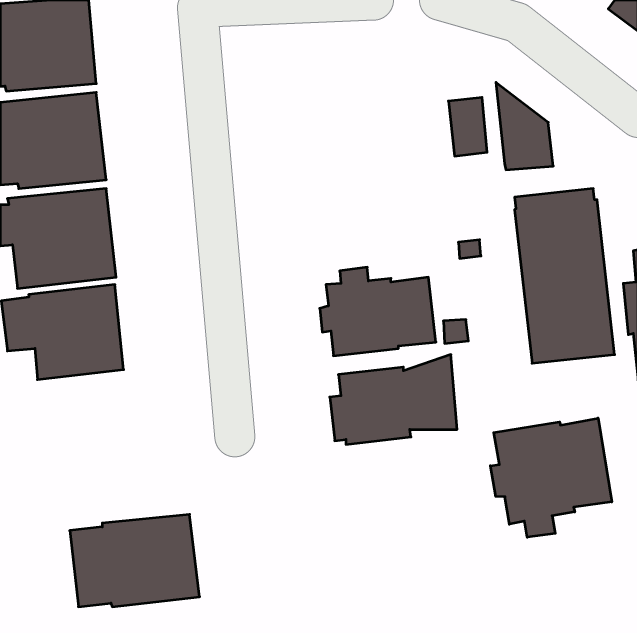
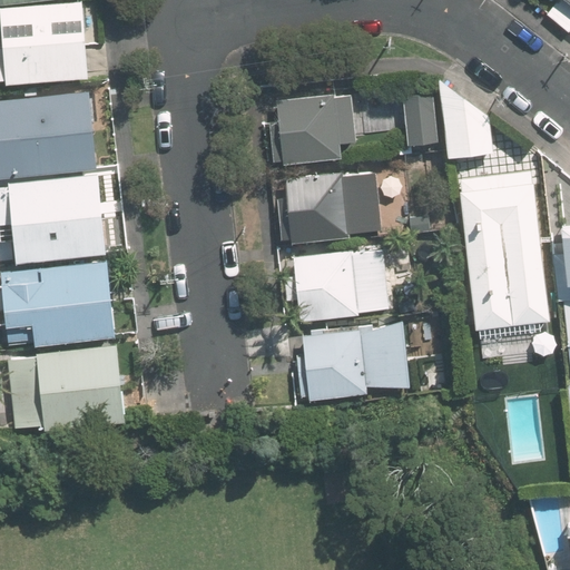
building: none -> [269,95,351,164]
building: none -> [278,173,379,243]
building: [490,418,612,537] -> none
building: [70,514,200,607] -> [7,346,122,429]

